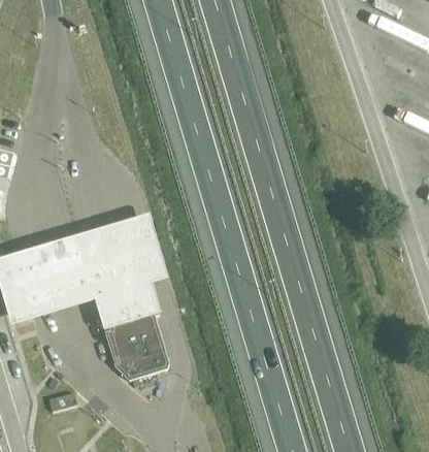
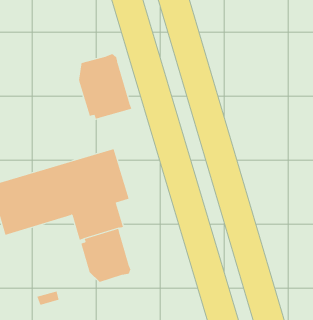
building: none -> [79,53,132,120]

